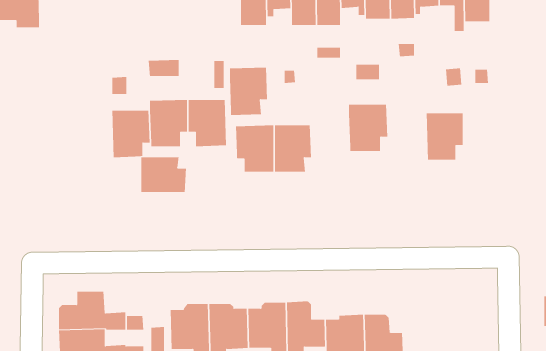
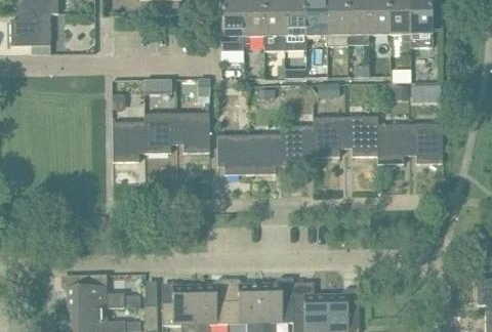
building: [229,67,268,116] -> [281,124,314,165]
building: none -> [345,115,379,163]
building: none -> [410,122,443,162]
building: [141,157,187,193] -> none

